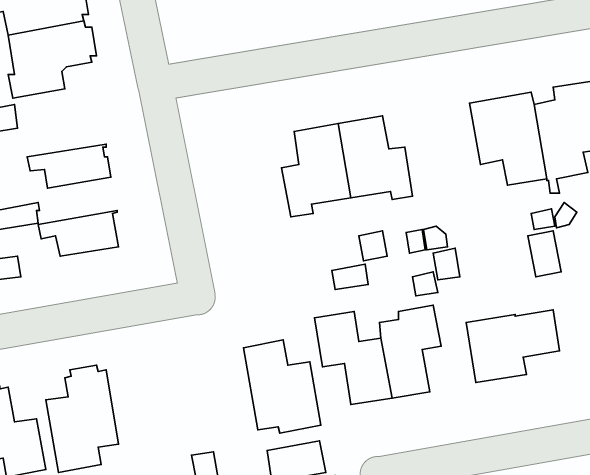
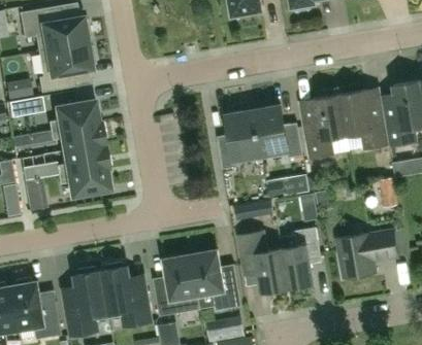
building: none -> [298,96,346,159]
building: none -> [47,100,101,131]
building: none -> [56,144,108,175]
building: none -> [154,255,200,316]
building: none -> [101,263,152,327]

